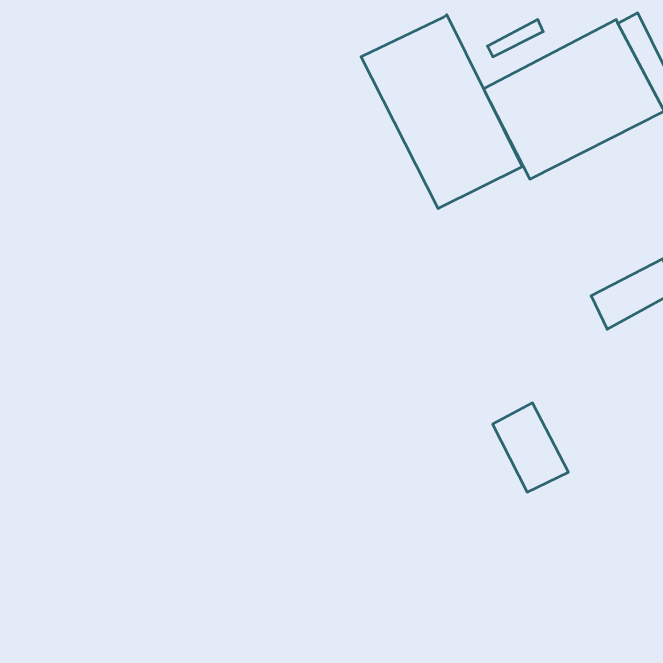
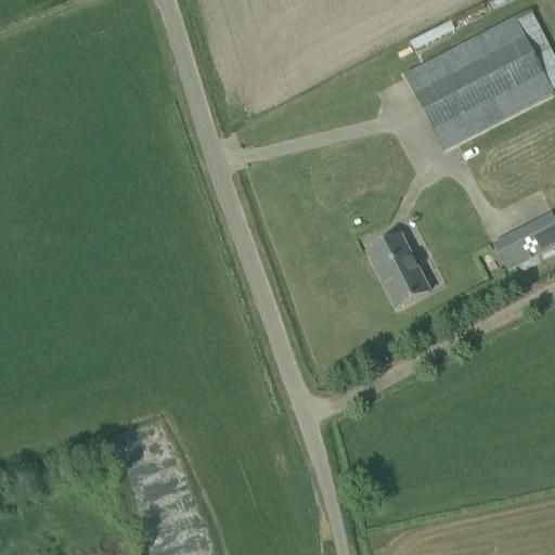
building: [361,15,522,209] -> none
building: [493,403,568,492] -> [367,234,429,307]

